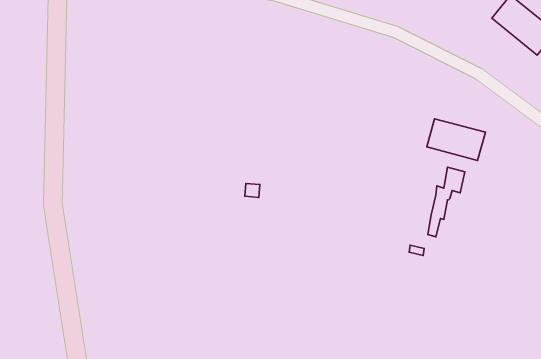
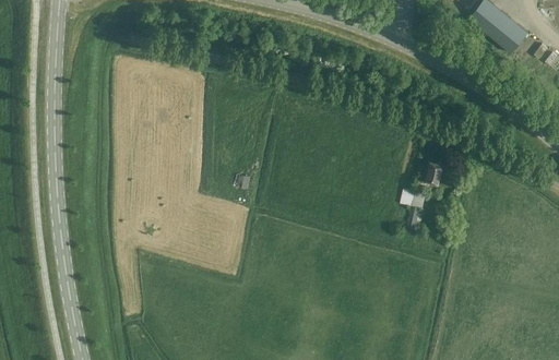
building: [427,119,485,160] -> none

